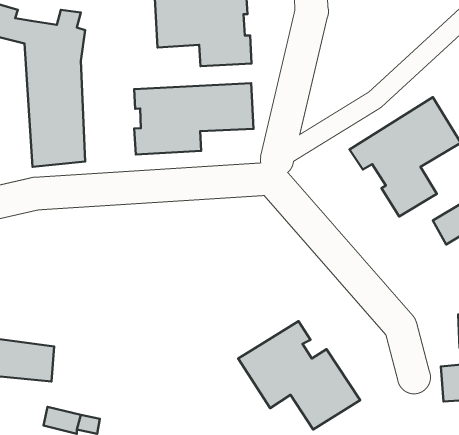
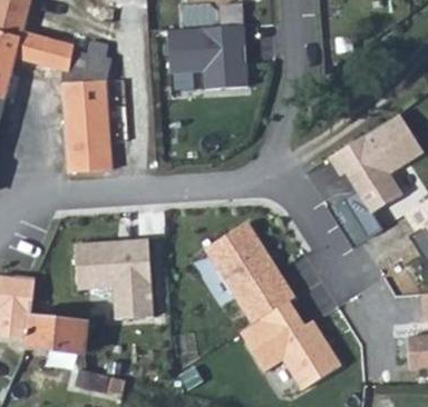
building: [134,83,253,154] -> none
building: none -> [205,221,294,321]
building: none -> [76,239,153,319]

